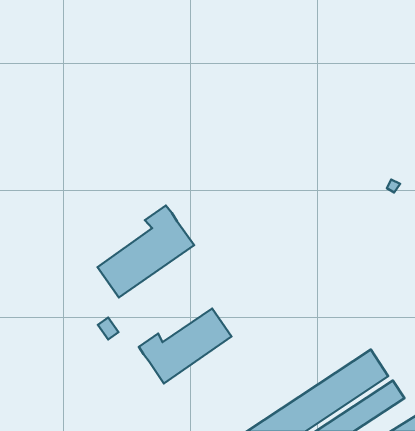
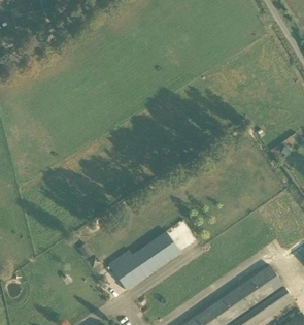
building: [97,205,194,298] -> none

